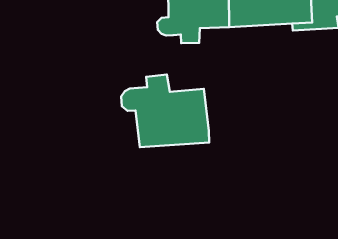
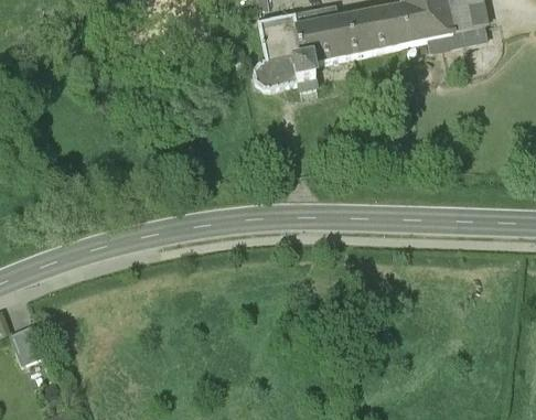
building: [121,75,209,147] -> none

